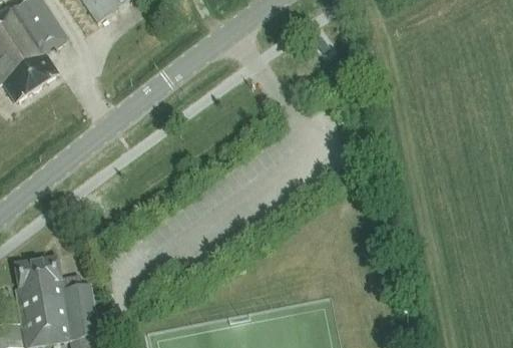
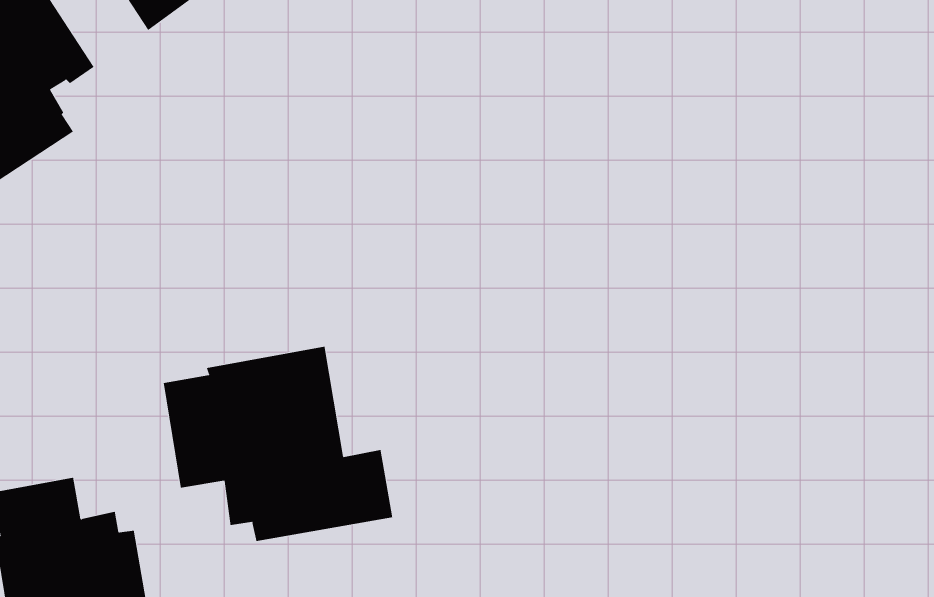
building: none -> [163,346,393,542]

